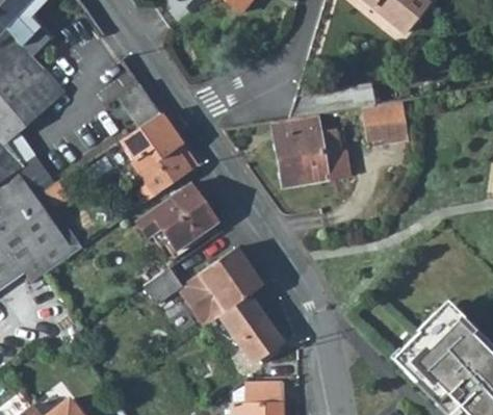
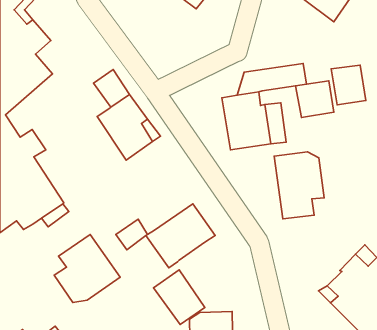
building: none -> [331,65,366,105]
building: [138,186,217,252] -> none
building: none -> [274,152,324,219]
building: none -> [54,235,120,302]
building: [219,296,282,363] -> [154,270,205,325]

